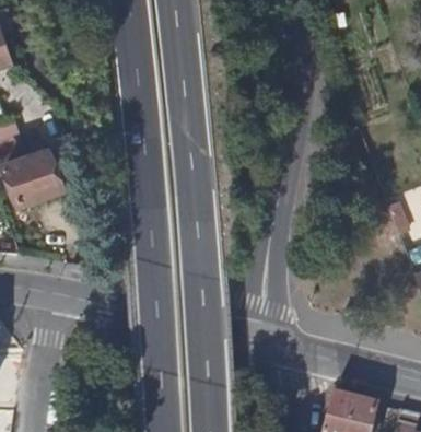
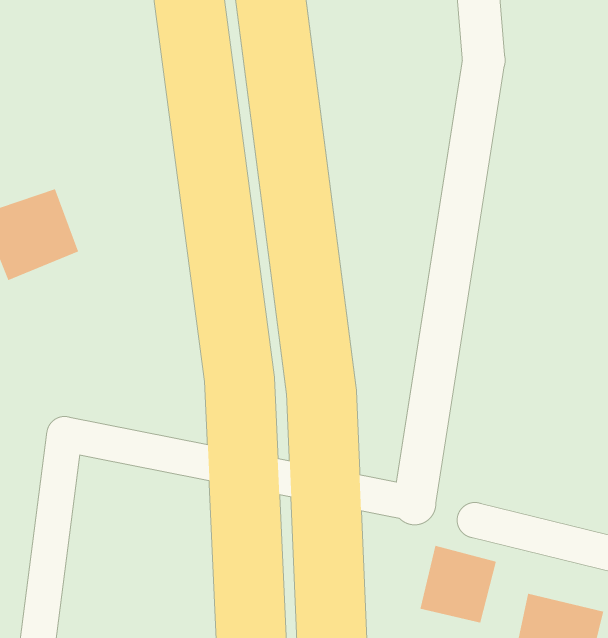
building: none -> [420,545,497,623]

